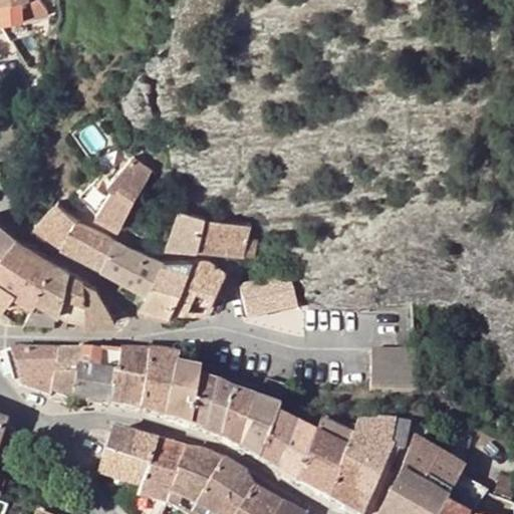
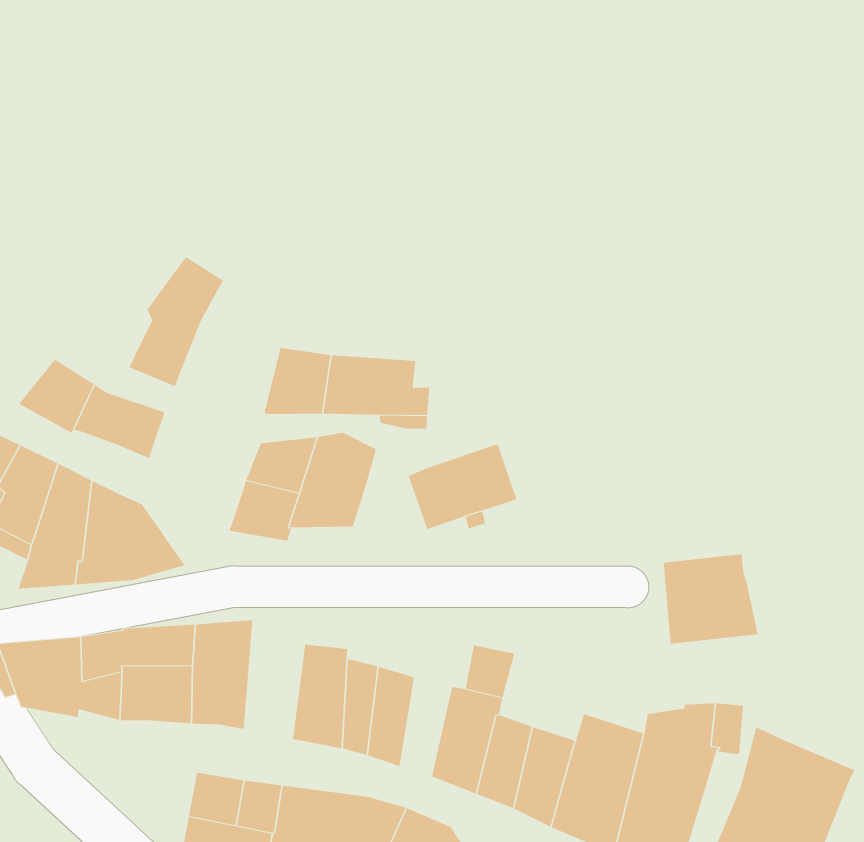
building: [103,236,164,299] -> none
building: [139,350,178,419] -> none
building: [220,393,252,447] -> none

